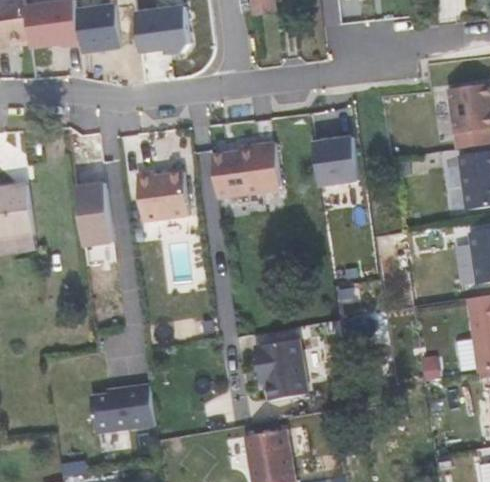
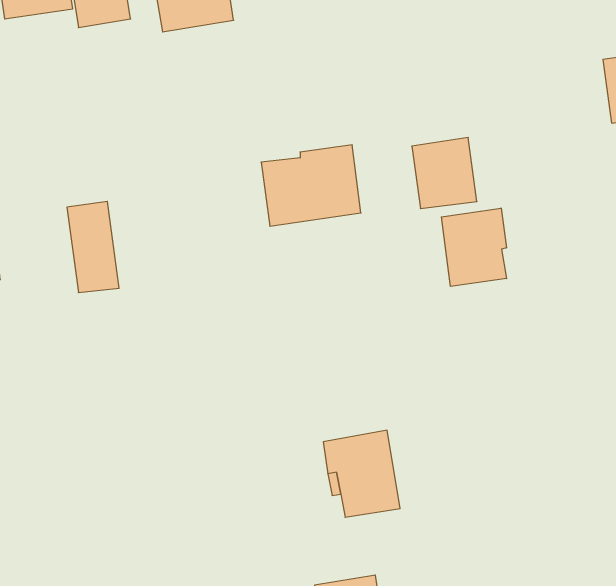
building: [135,170,189,220] -> none
building: none -> [441,208,507,286]
building: [89,384,153,431] -> none

